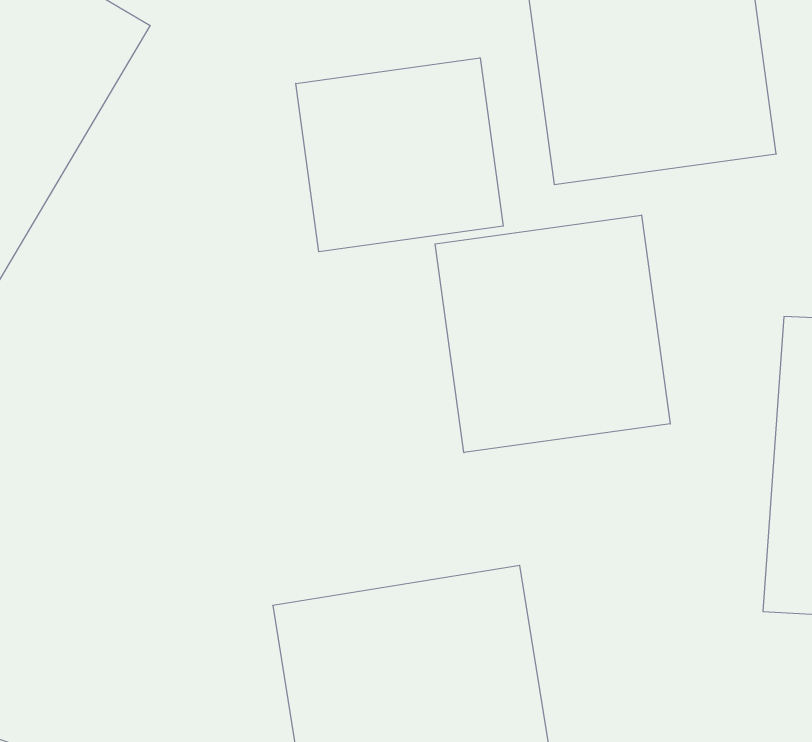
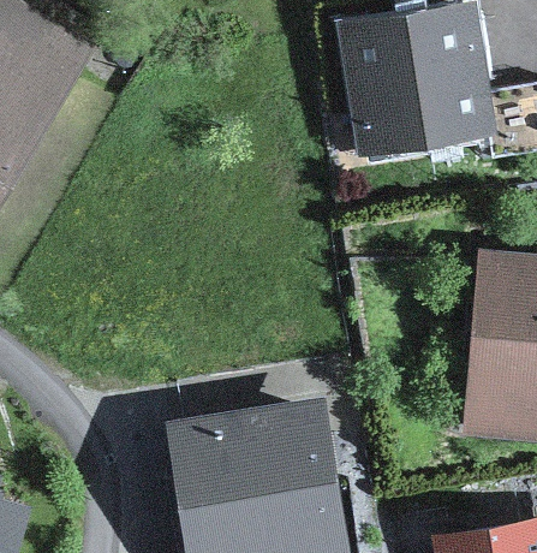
building: [296,58,503,252] -> none
building: [435,215,670,453] -> none

